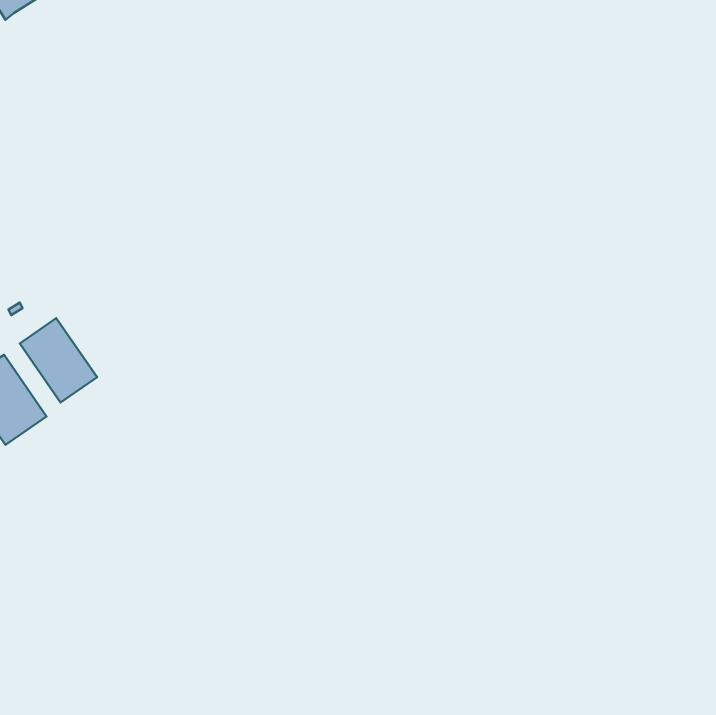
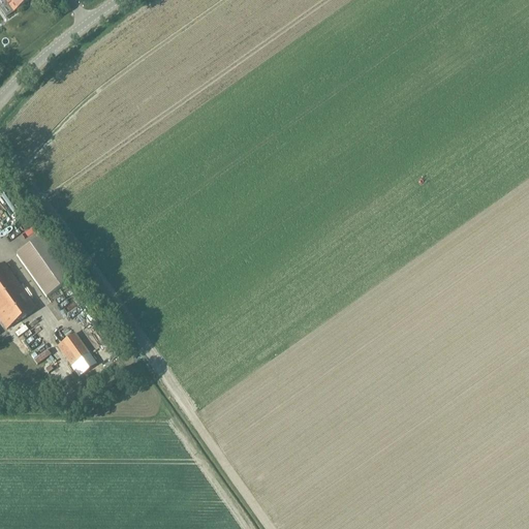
building: none -> [55,331,90,368]

